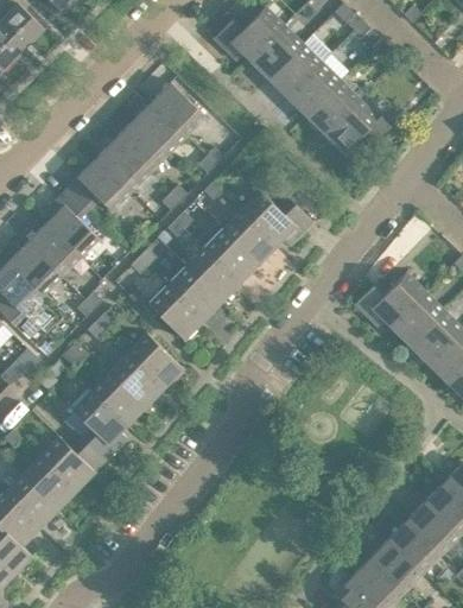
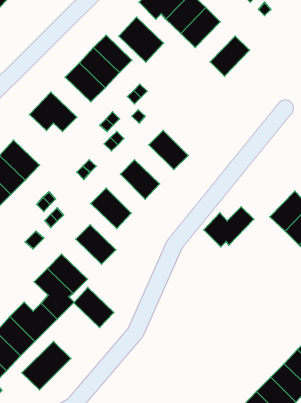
building: none -> [119,17,164,62]
building: [287,63,341,116] -> none
building: [326,101,393,151] -> none
building: [95,137,148,190] -> none
building: [43,186,97,254] -> none
building: [245,191,312,243] -> none
building: [207,227,259,279] -> none
building: [169,266,221,318] -> none
building: [354,272,420,325] -> [204,207,254,247]
building: [109,353,163,406] -> [74,288,114,328]
building: none -> [22,341,71,390]

